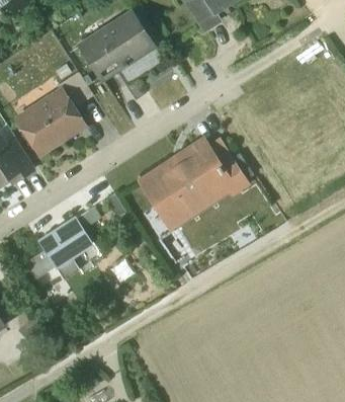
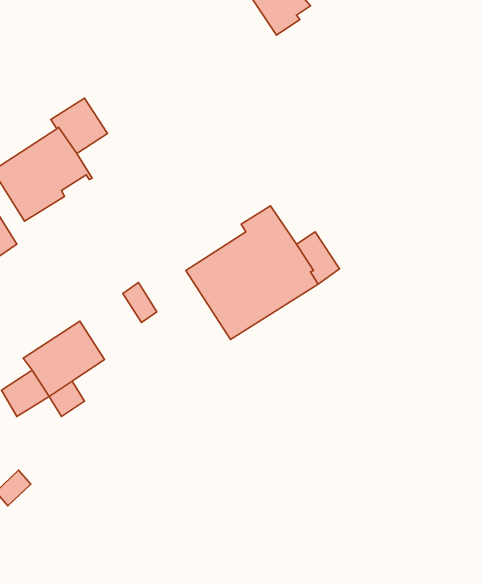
building: [81,11,153,78] -> none

